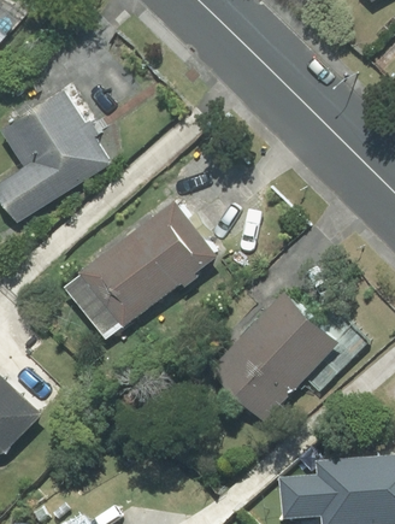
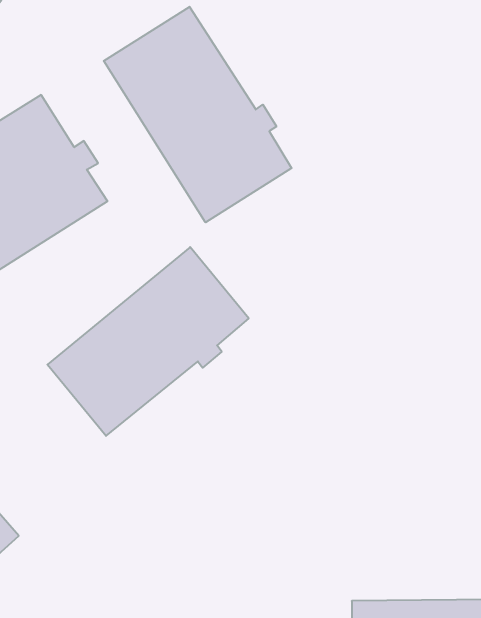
building: none -> [104,7,292,222]
building: [204,290,365,424] -> none

